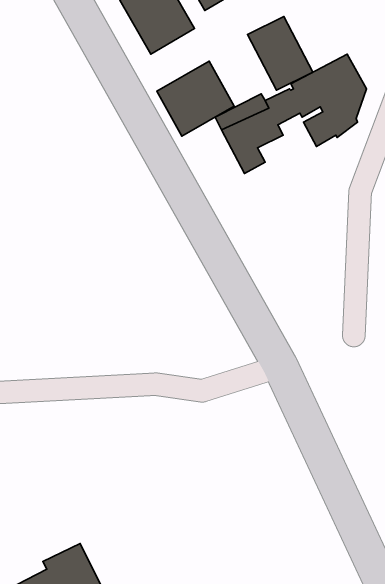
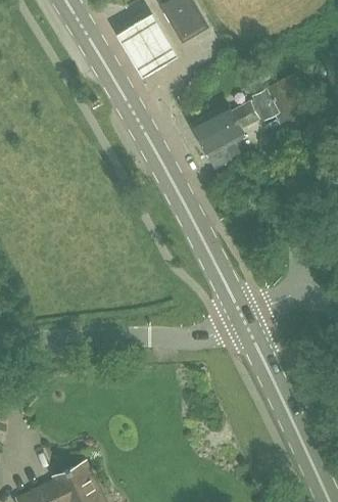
building: [248,16,313,90] -> none
building: [157,61,234,136] -> none

